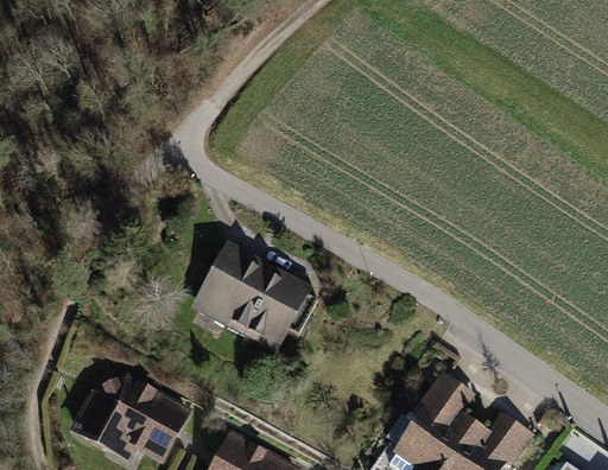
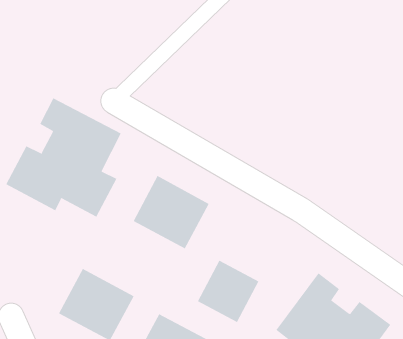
building: none -> [5,97,121,218]
building: none -> [197,260,259,323]

